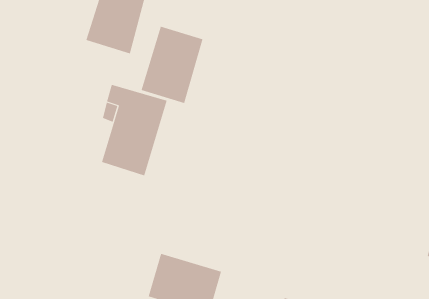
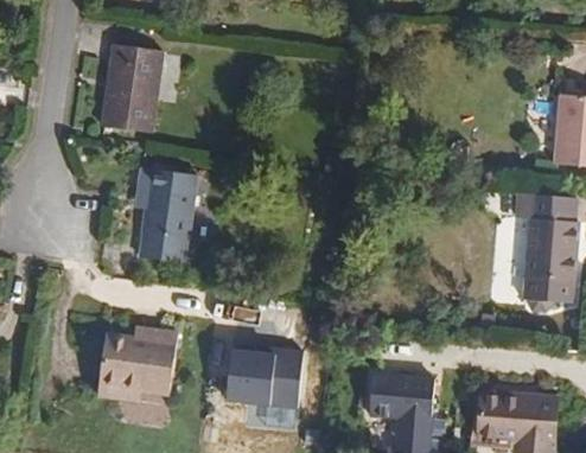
building: [141,26,203,104] -> none
building: none -> [103,326,179,403]

